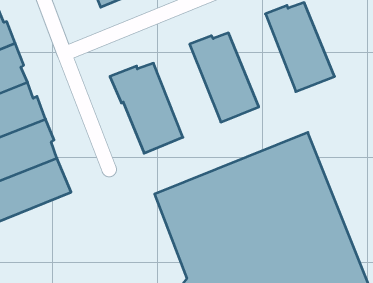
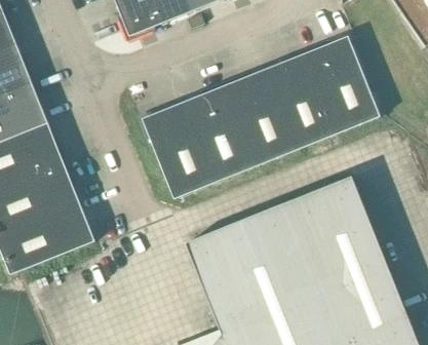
building: none -> [265,48,338,149]
building: none -> [184,81,257,182]

